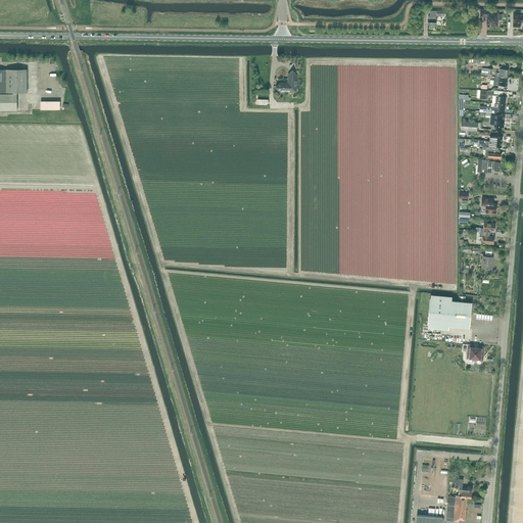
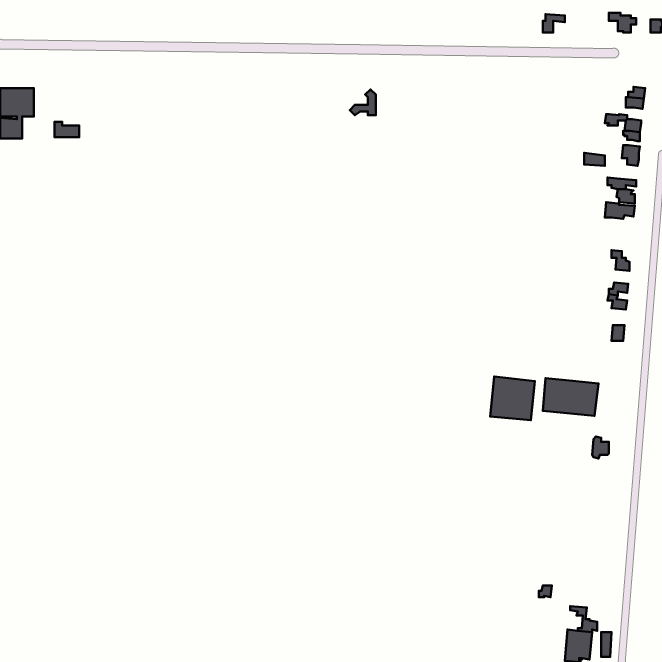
building: none -> [490,377,535,420]

